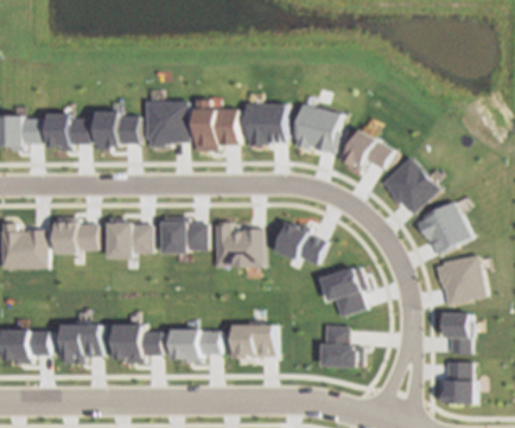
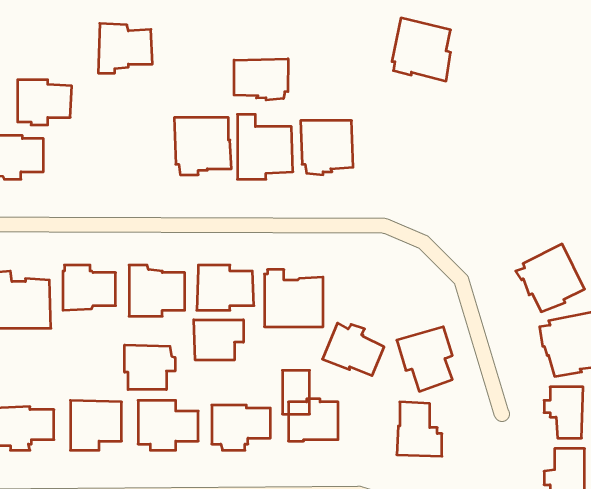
building: none -> [234,59,288,100]
building: [293,103,339,153] -> [392,18,451,81]
building: [97,110,140,149] -> [98,23,152,73]
building: [49,114,91,149] -> [18,80,72,125]
building: [341,128,392,170] -> none
building: [381,156,438,213] -> none
building: [276,222,325,263] -> [322,323,384,376]
building: none -> [194,320,243,360]
building: none -> [125,345,175,390]

